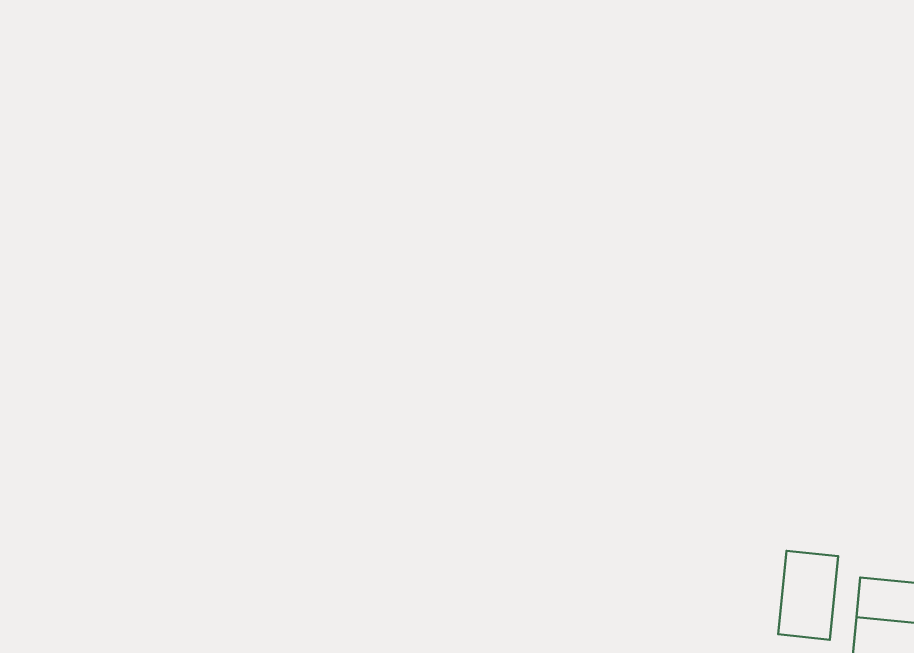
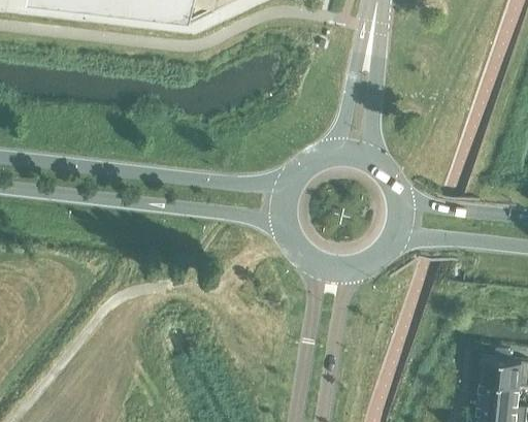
building: [778,551,838,640] -> none

